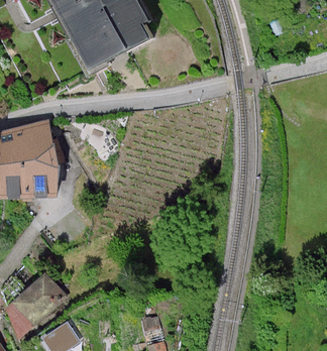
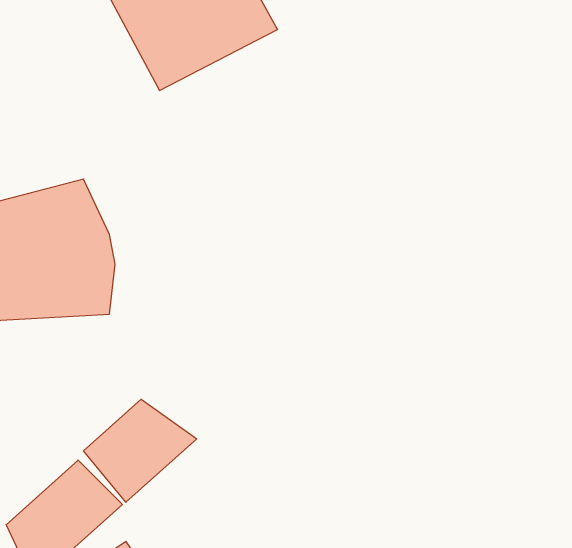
building: none -> [84,399,197,502]

